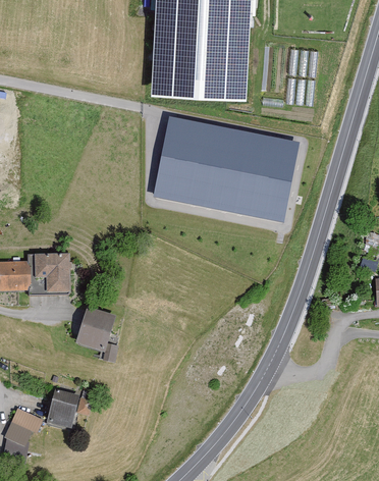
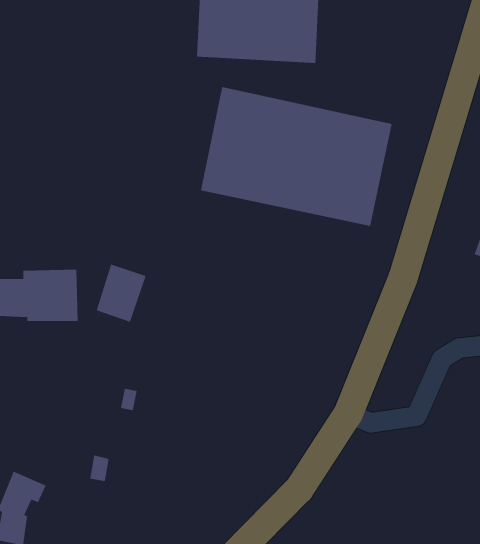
building: [67,308,106,353] -> [96,264,146,323]
building: [40,391,70,431] -> none

